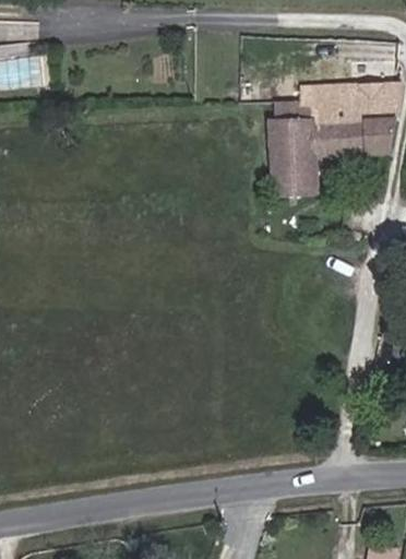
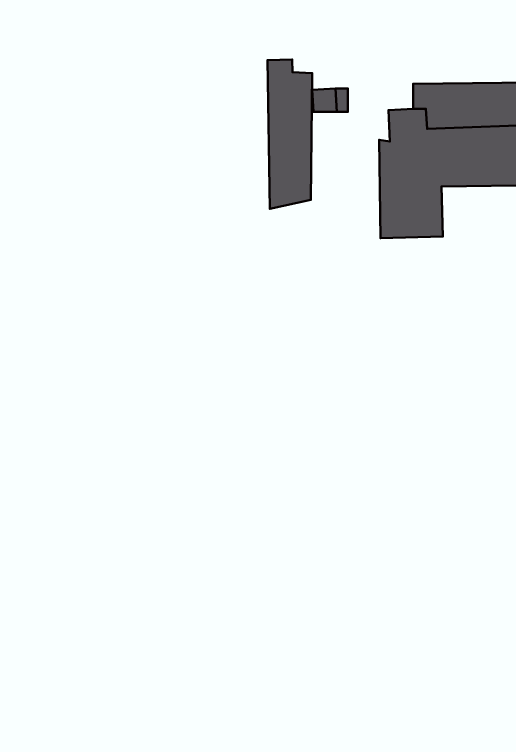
building: none -> [268,60,312,209]

